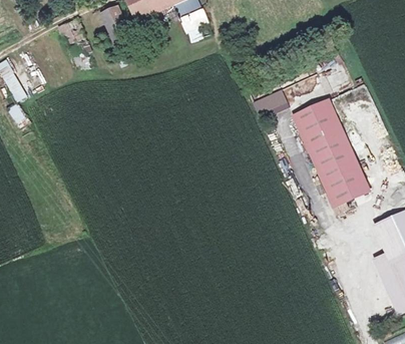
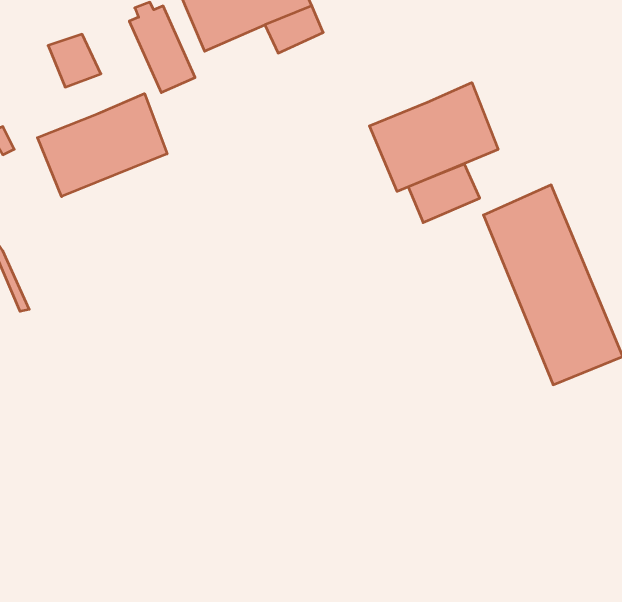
building: none -> [369,83,498,191]
building: none -> [37,94,167,197]

